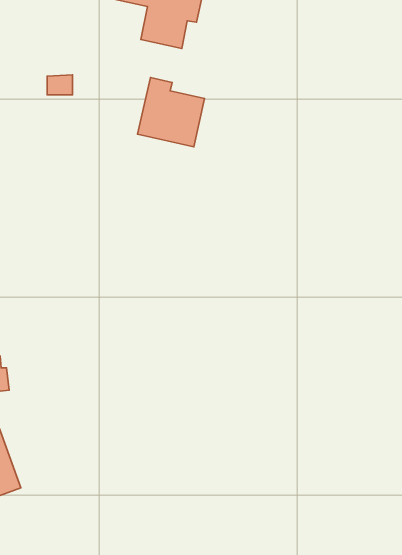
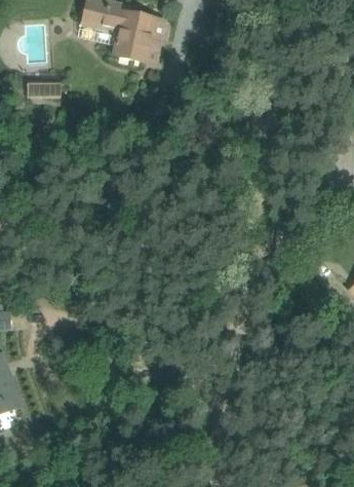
building: [138,78,205,147] -> none

